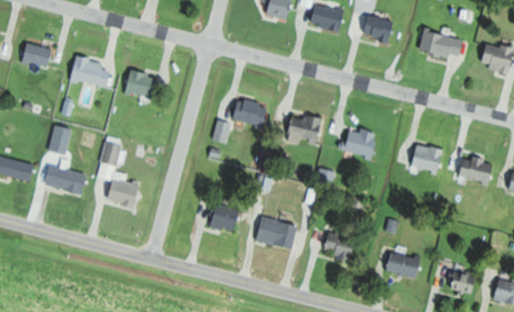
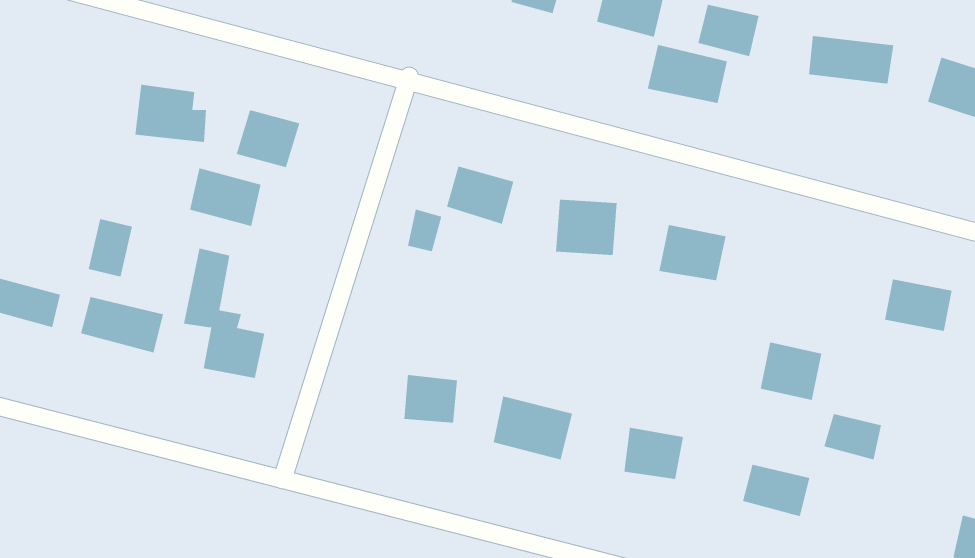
building: none -> [647,44,727,104]
building: [22,46,49,64] -> none
building: none -> [190,167,261,227]
building: [410,143,442,174] -> [760,342,822,400]
building: [446,271,476,295] -> [823,413,882,460]

